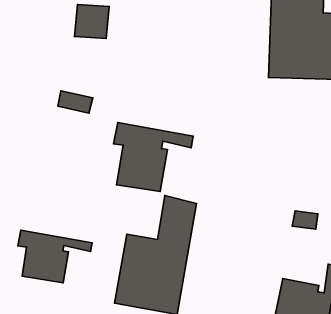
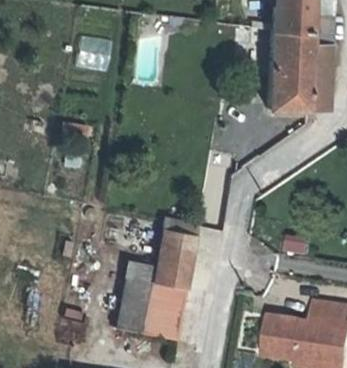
building: [114,123,193,191] -> none
building: [18,230,92,283] -> none

